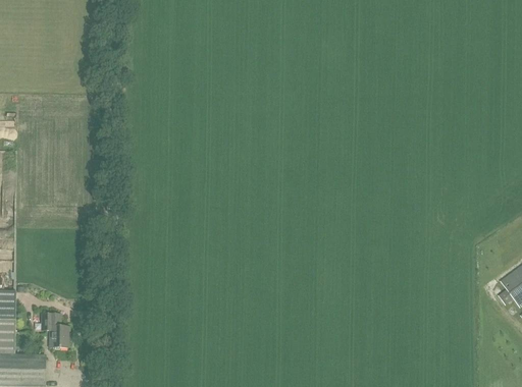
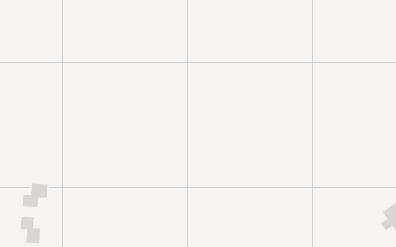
building: none -> [22,183,48,208]

